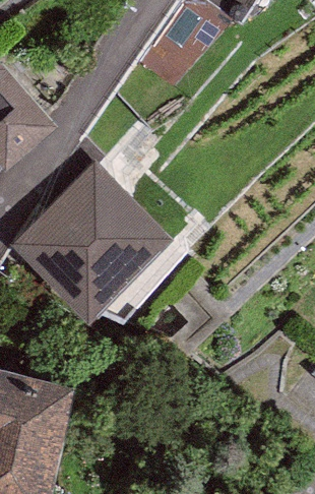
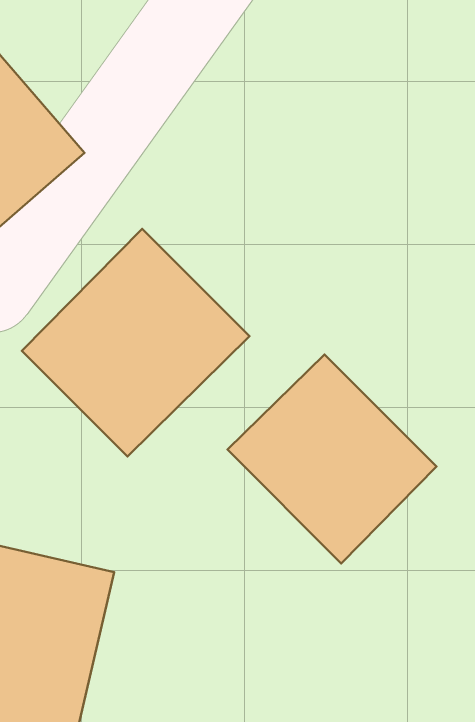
building: none -> [228,354,437,563]

